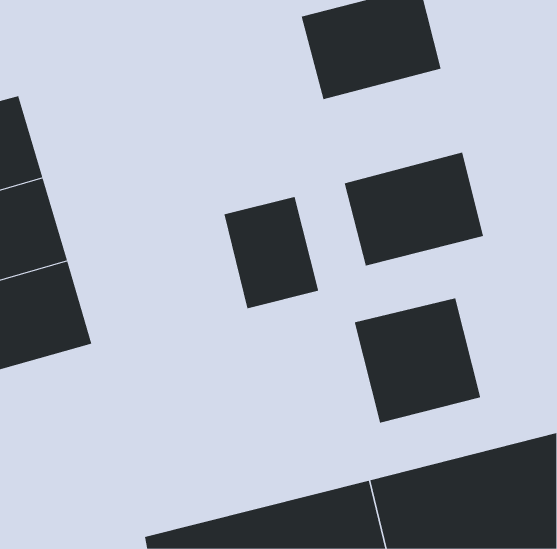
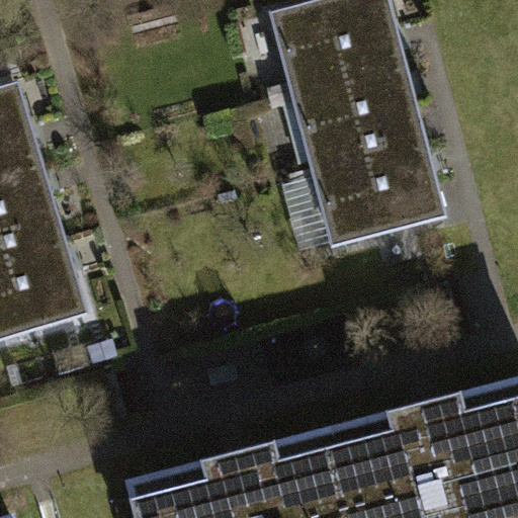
building: none -> [294,63,422,167]
building: [224,196,319,309] -> none
building: [354,298,481,423] -> none

